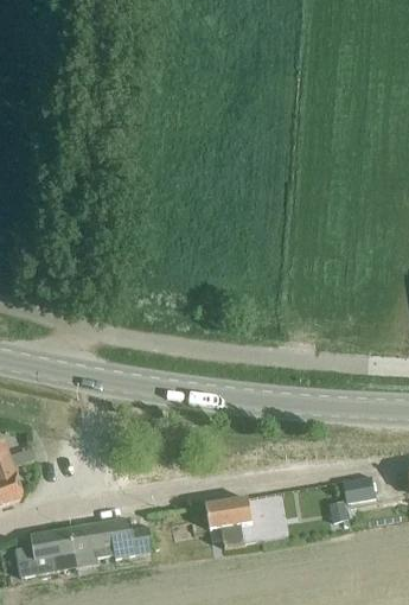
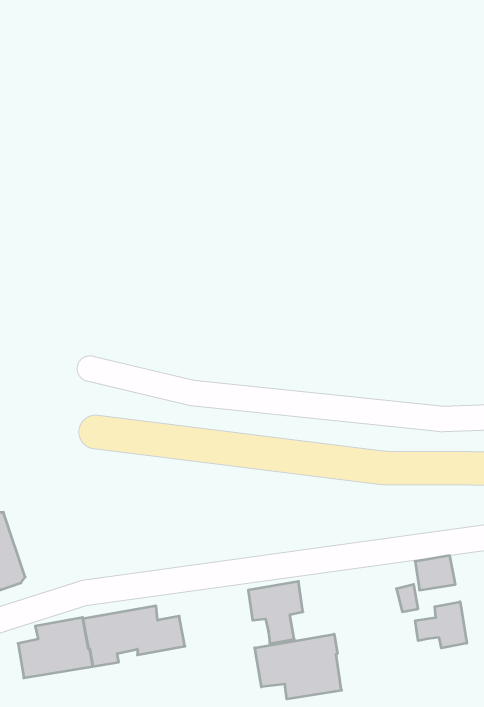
building: none -> [415,602,467,648]
building: none -> [255,634,342,699]

